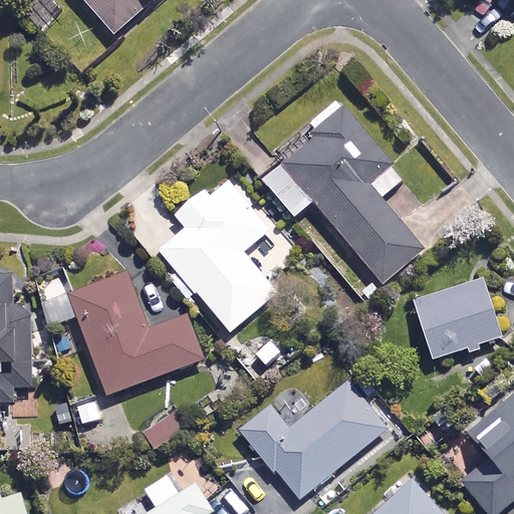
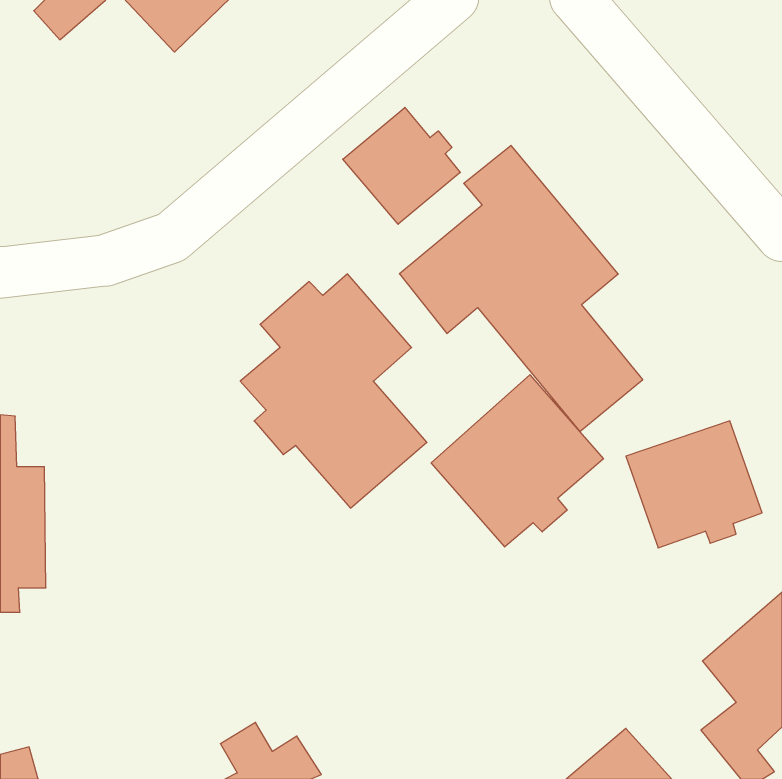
building: none -> [343,107,460,224]
building: none -> [431,375,603,547]
building: [34,270,204,395] -> none
building: [240,379,387,499] -> none

